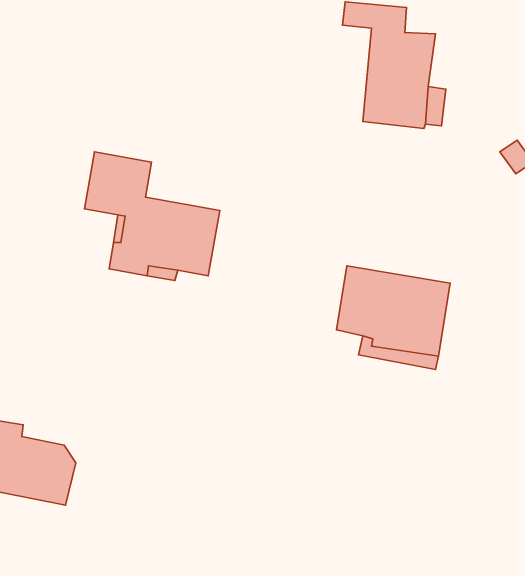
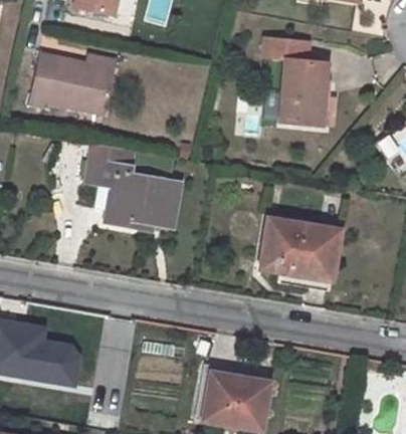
building: none -> [47,56,114,113]
building: none -> [201,372,267,429]

